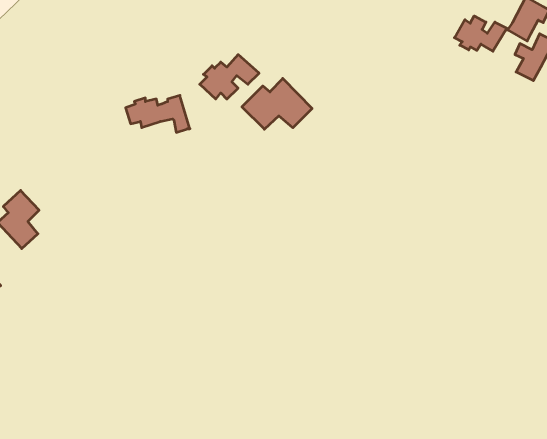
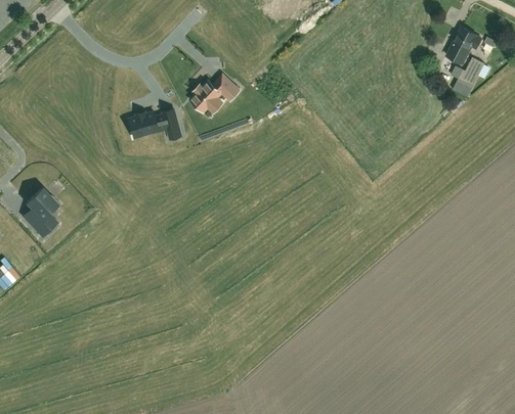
building: [454,16,507,51] -> none
building: [242,78,312,129] -> none

